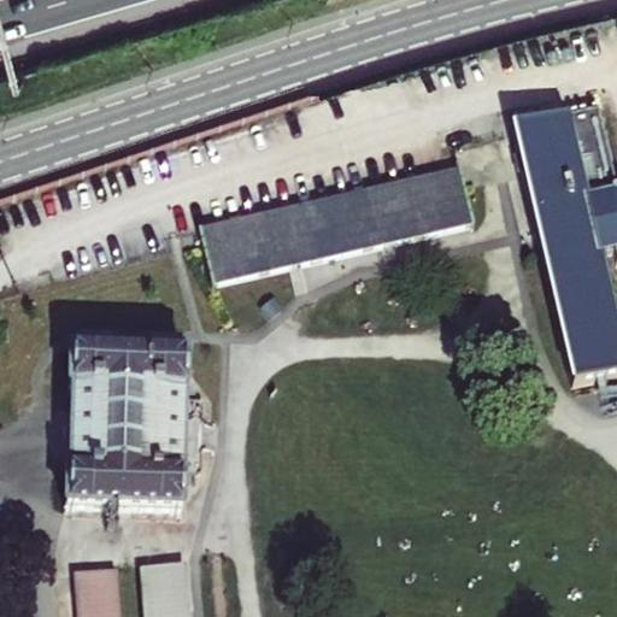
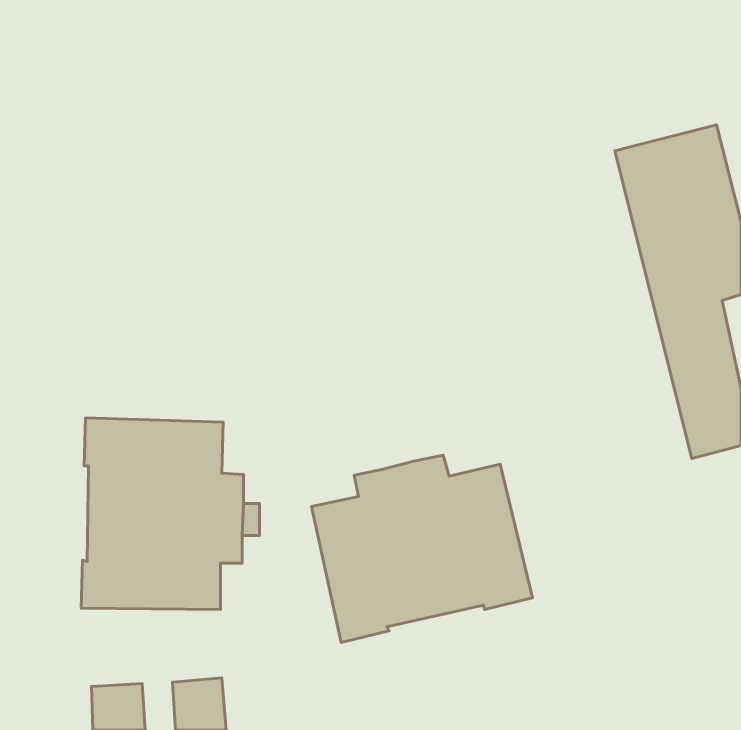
building: [196,161,475,283] -> none
building: none -> [311,455,532,642]

